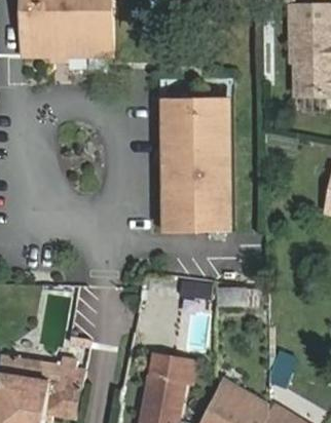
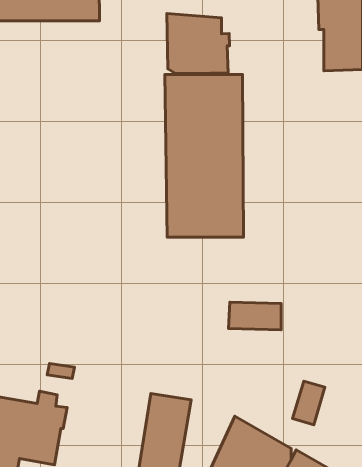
building: none -> [167,13,229,74]

